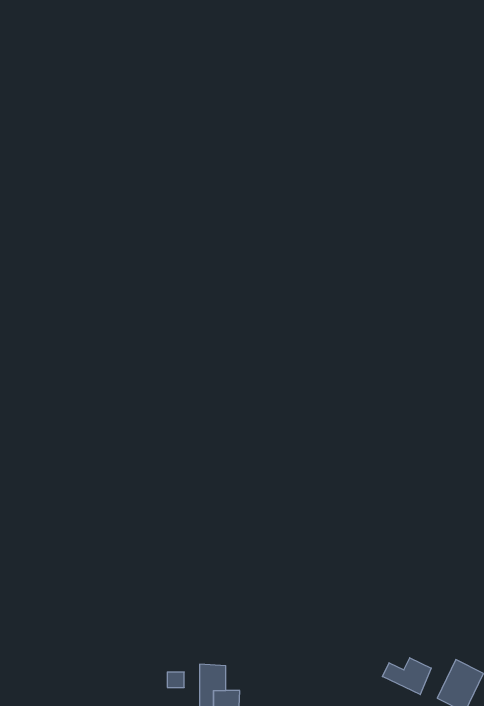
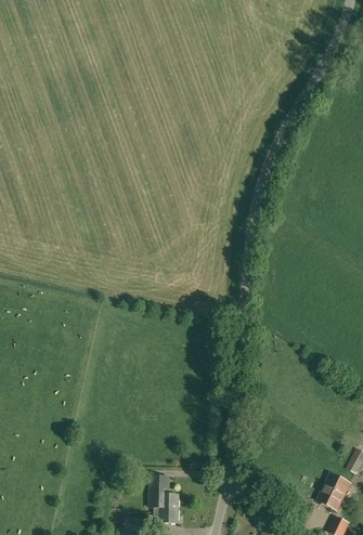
building: [382,658,431,695] -> none

